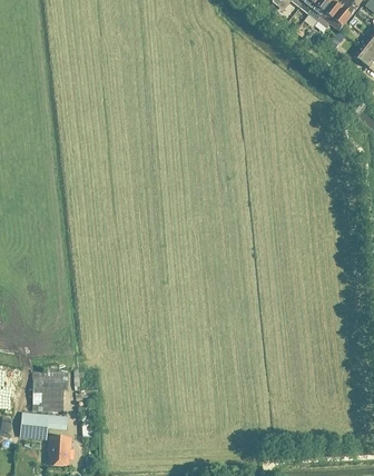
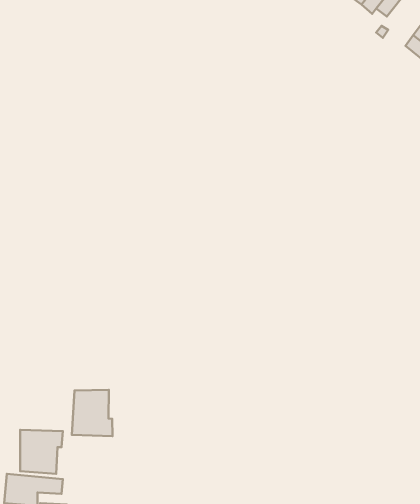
building: none -> [72,390,112,436]

